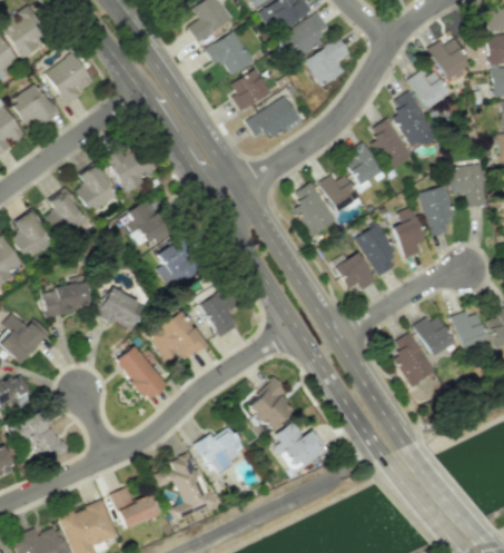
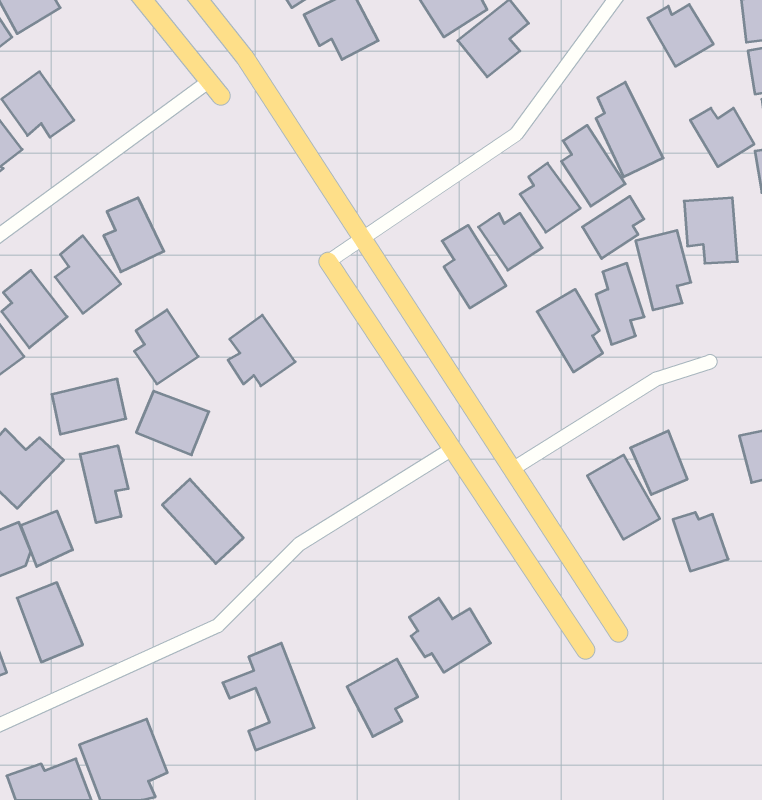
building: [46,52,93,103] -> none
building: [231,68,270,110] -> none
building: [408,70,449,108] -> [690,108,754,167]
building: [246,97,302,138] -> none
building: [110,145,152,192] -> none
building: none -> [582,196,644,259]
building: [126,198,167,246] -> [134,310,198,384]
building: [336,251,377,289] -> none
building: [199,290,237,337] -> none
building: [147,308,206,362] -> none
building: [452,312,487,349] -> [673,512,728,571]
building: none -> [80,446,128,523]
building: none -> [21,511,73,567]
building: [247,376,293,429] -> none
building: [197,425,243,475] -> [347,659,418,737]
building: [111,486,159,529] -> none

